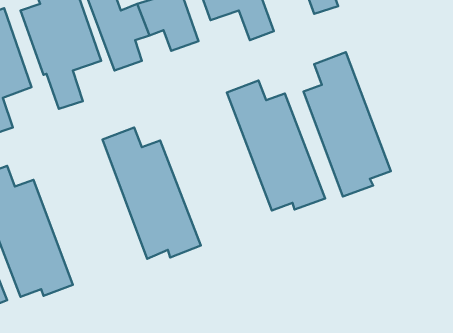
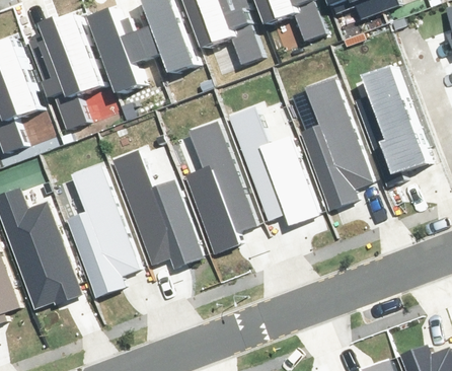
building: none -> [355,67,428,183]
building: none -> [175,117,256,250]
building: none -> [60,160,141,294]

